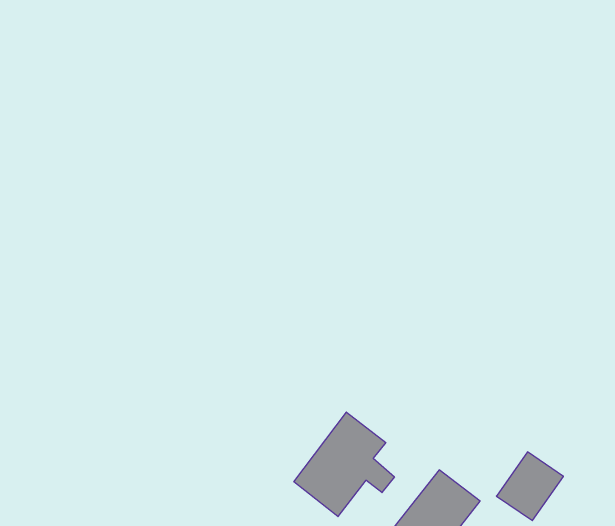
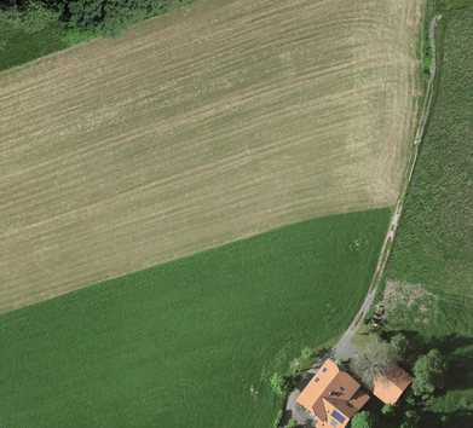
building: [294,412,394,517] -> none

